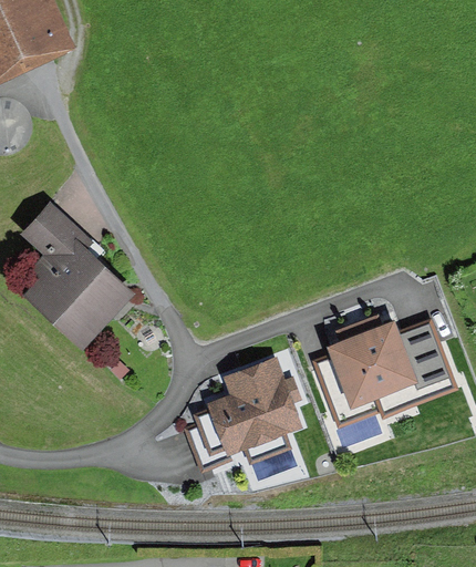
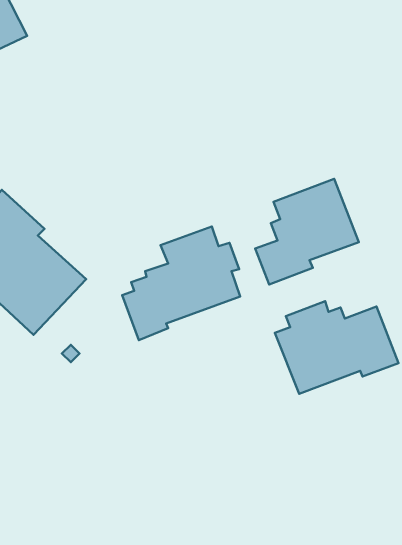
building: none -> [255,179,359,284]
building: [185,358,304,473] -> [122,226,240,340]

